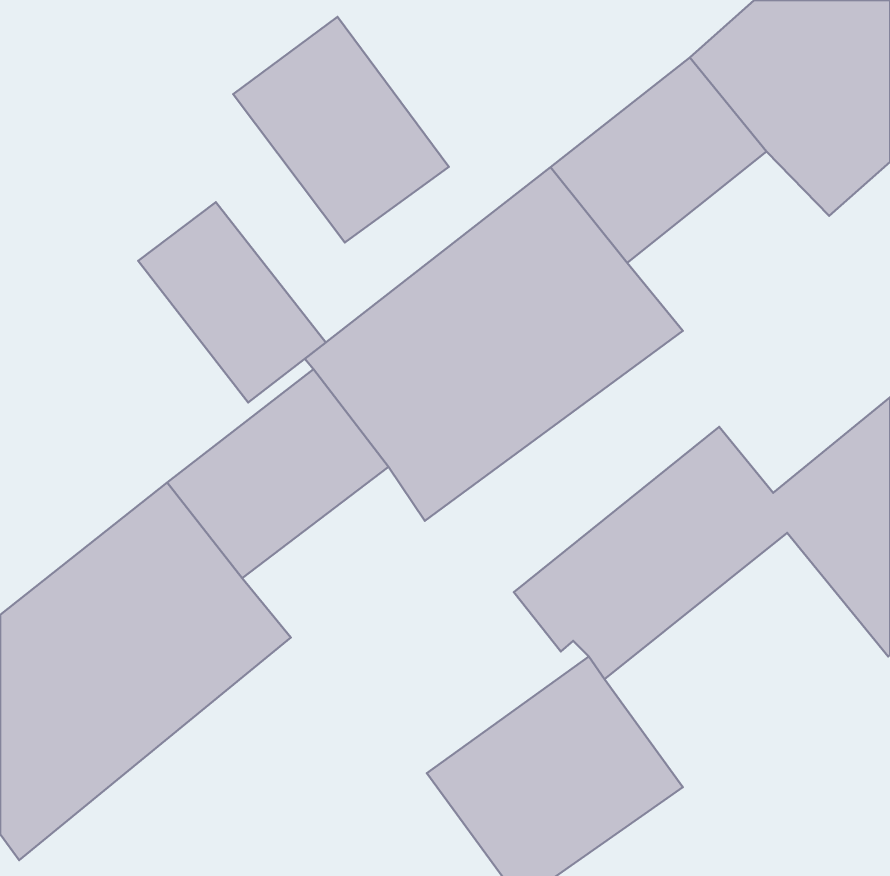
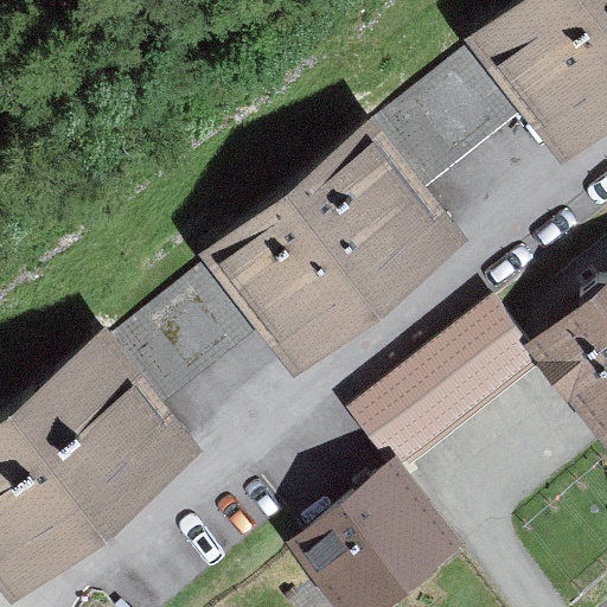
building: [233,17,449,242] -> none
building: [138,202,326,403] -> none

